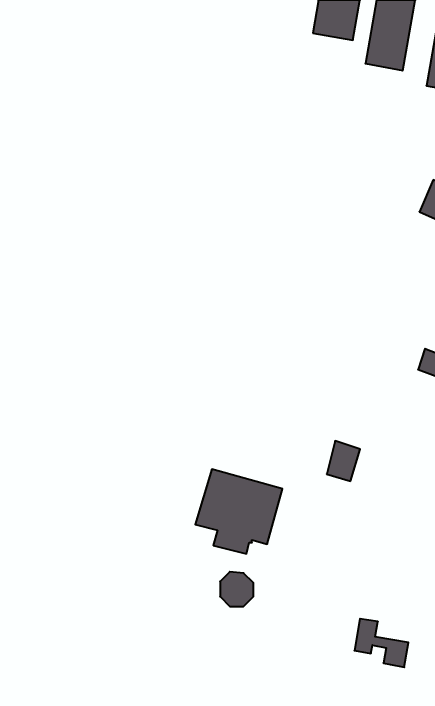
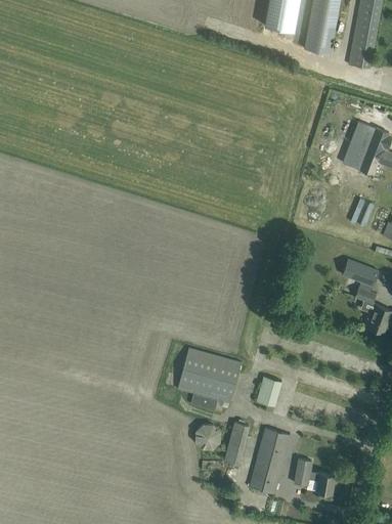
building: [327,441,360,481] -> [257,376,281,405]
building: none -> [224,422,249,465]
building: none -> [249,429,289,493]

